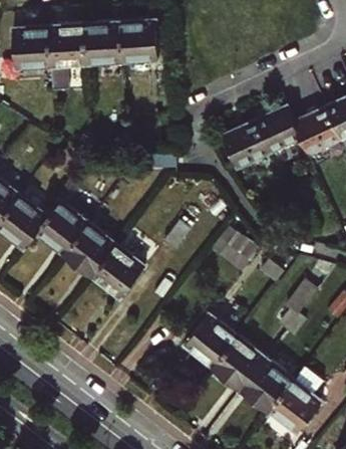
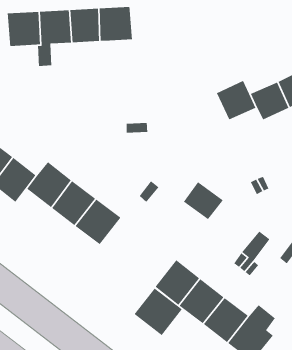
building: [222,122,269,169] -> none
building: none -> [134,287,183,336]

